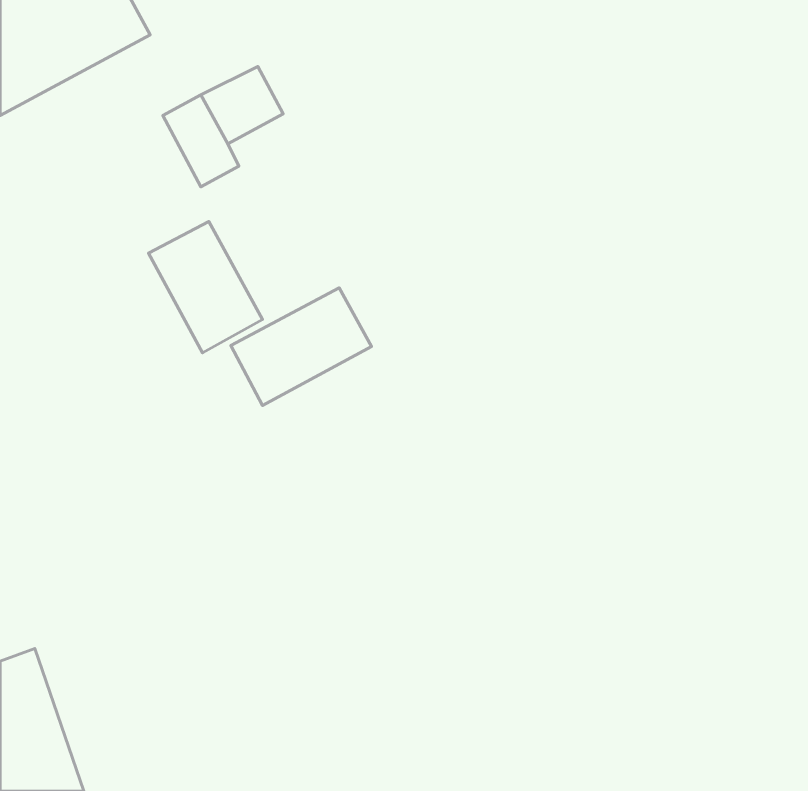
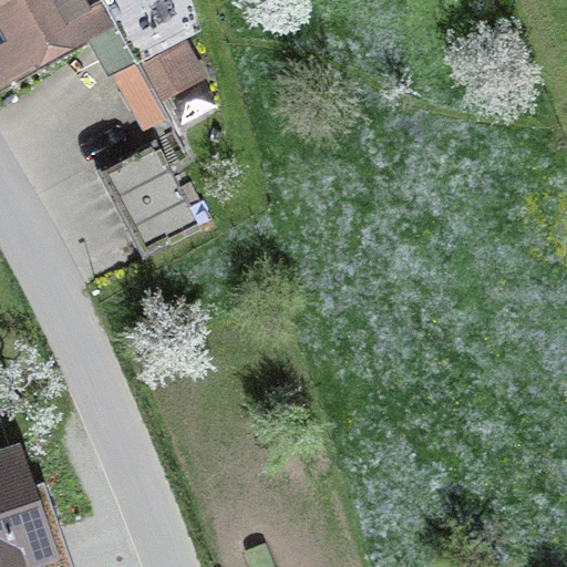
building: [231,288,372,405] -> none

